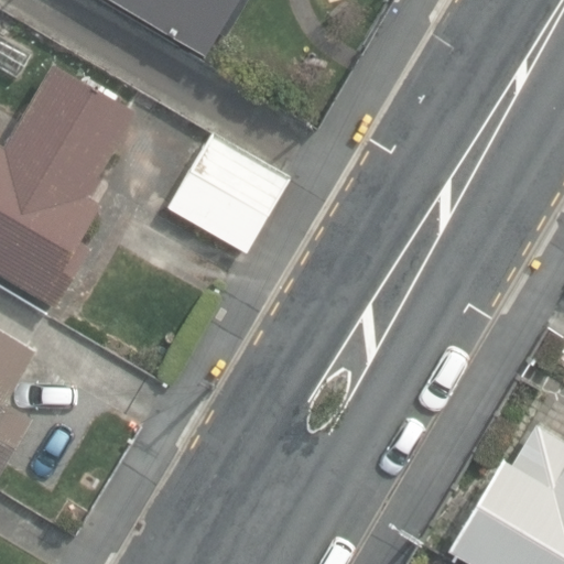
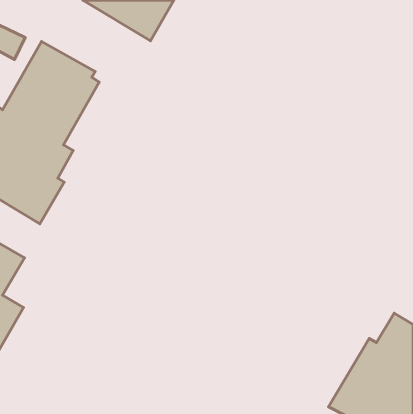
building: [167,133,288,253] -> none

